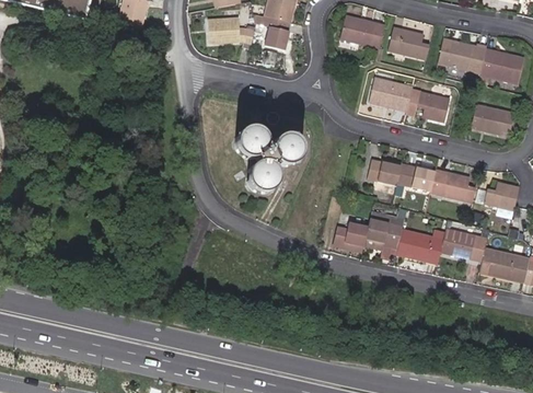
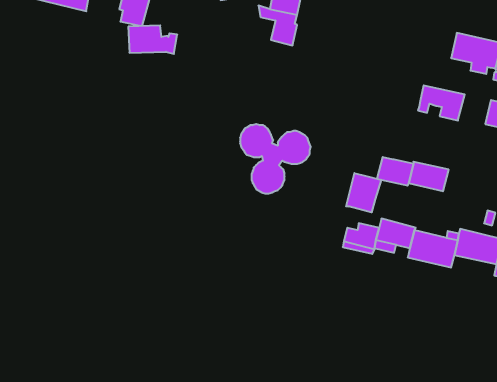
building: [340,14,385,48] -> none
building: [208,18,255,45] -> [128,25,177,54]
building: [387,28,430,60] -> none
building: [369,78,413,106] -> none
building: [430,169,476,204] -> none
building: none -> [346,173,381,212]

